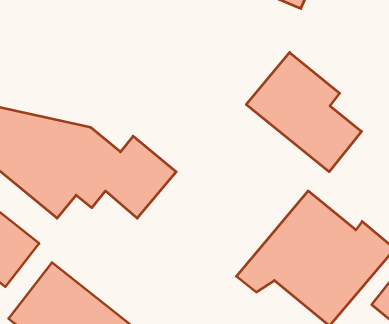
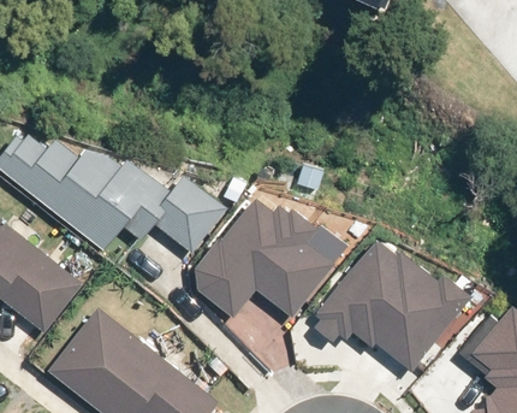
building: [246,52,362,172] -> none
building: none -> [196,185,353,315]

